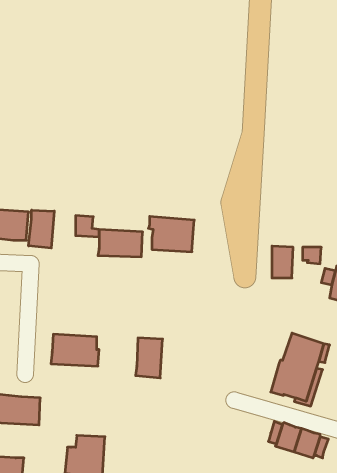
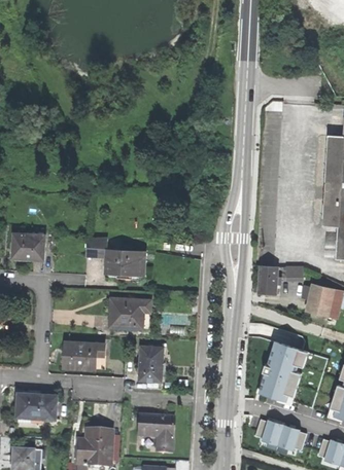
building: [29,210,54,248] -> none
building: [148,216,194,252] -> [109,297,149,328]
building: none -> [137,415,174,454]

